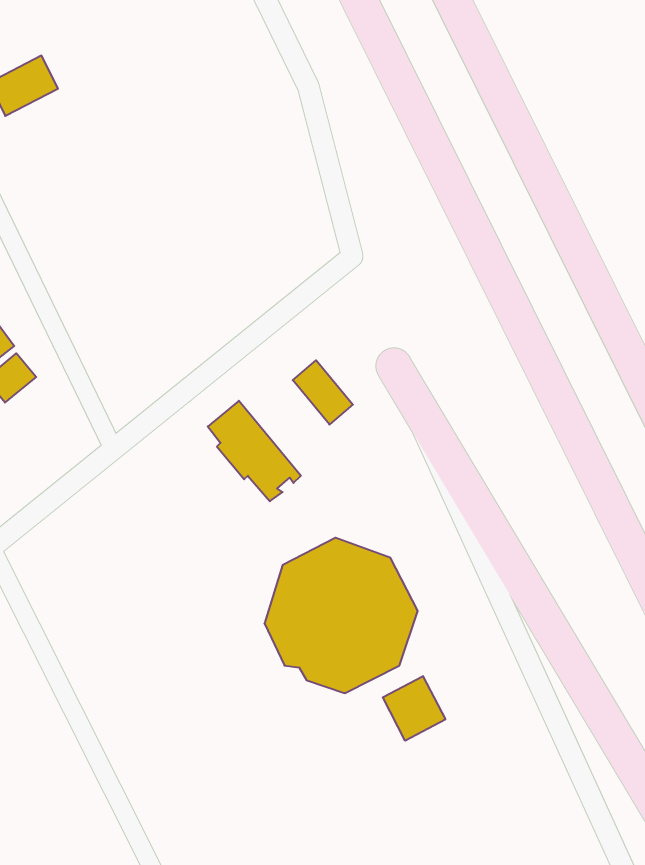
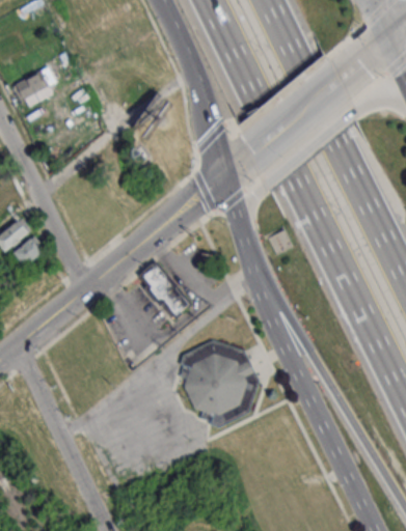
building: [293,360,353,425] -> none
building: [383,676,445,741] -> none

